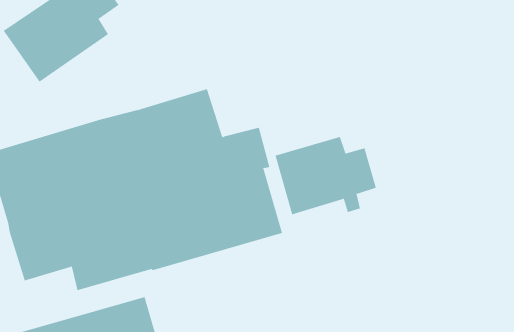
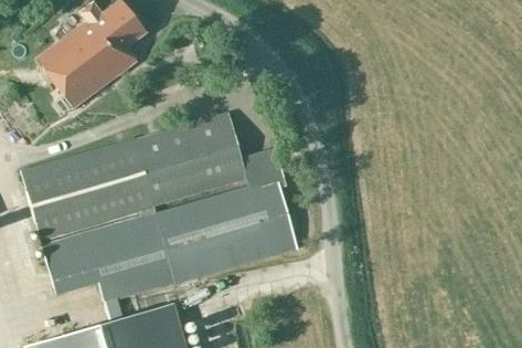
building: [275,136,377,215] -> none

